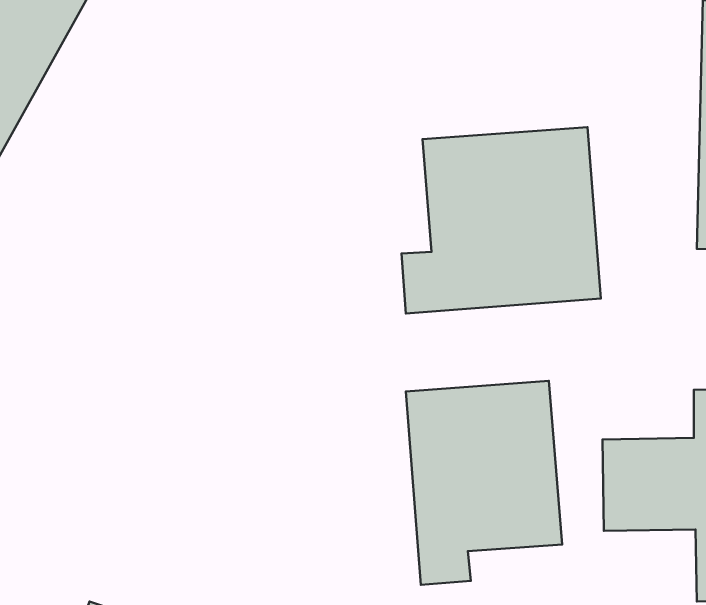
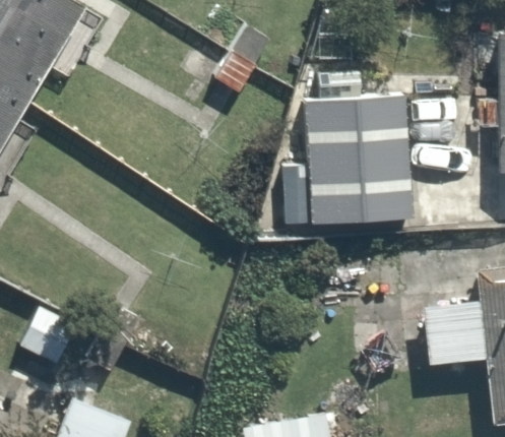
building: [406,381,562,585] -> none

